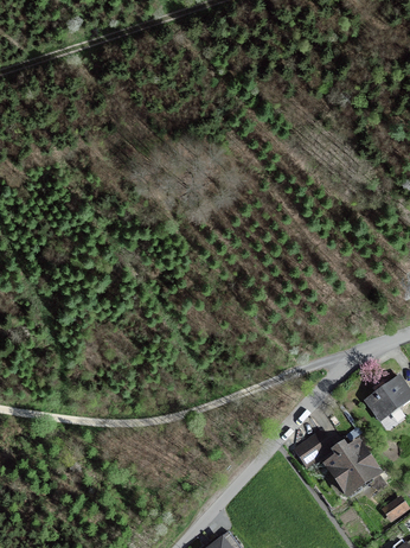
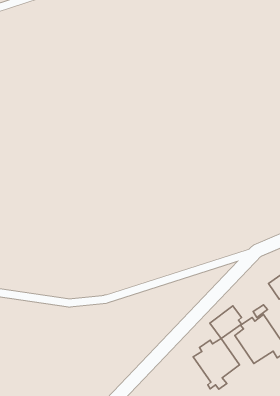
building: none -> [193,339,239,389]

